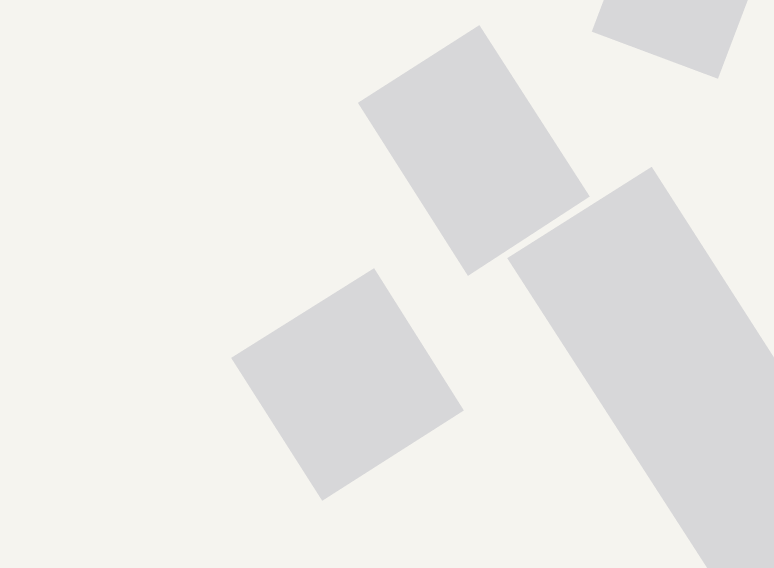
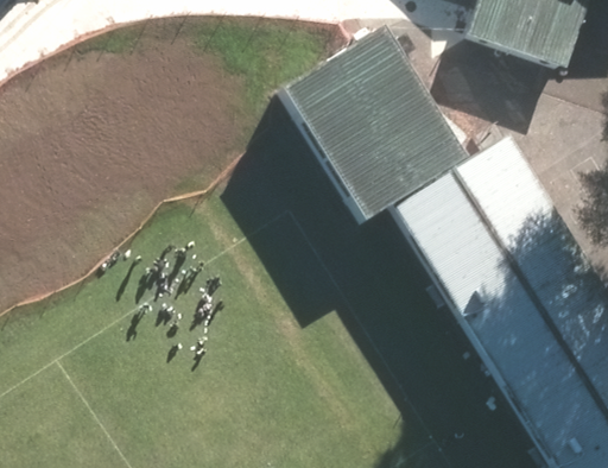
building: [230,267,465,502] -> none

